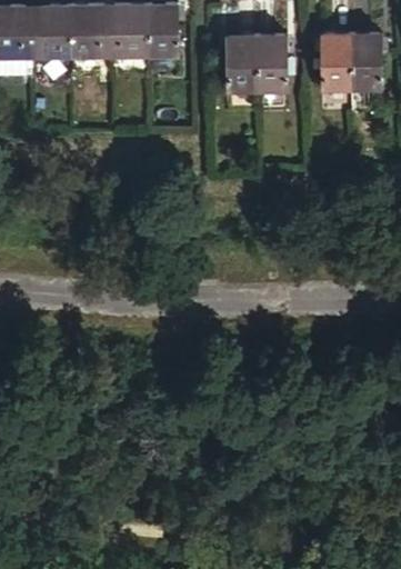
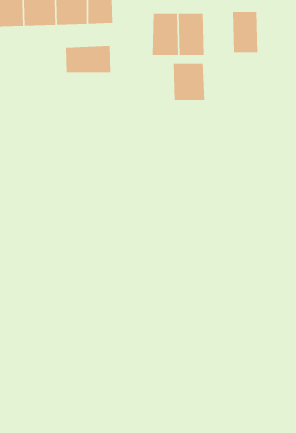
building: [351,34,384,86] -> none
building: none -> [65,45,111,73]
building: none -> [173,63,205,101]

